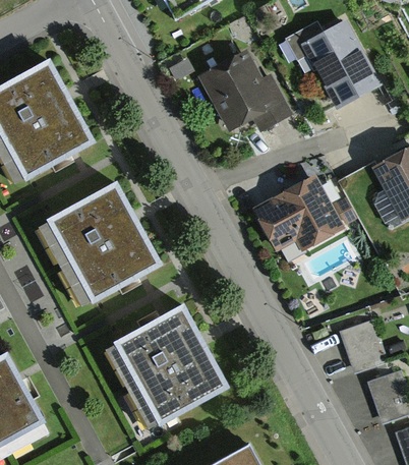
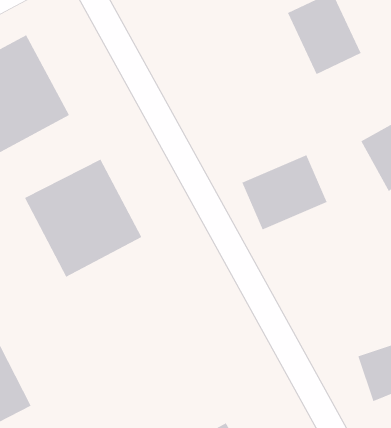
building: [201,48,277,126] -> none
building: [111,308,226,427] -> none
building: [345,323,390,369] -> none

